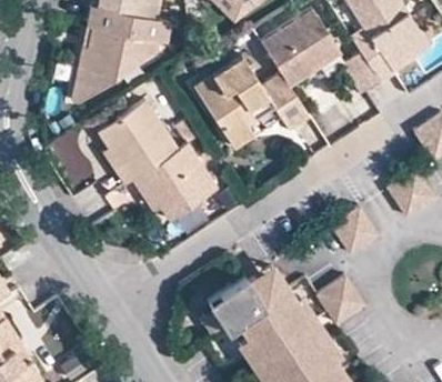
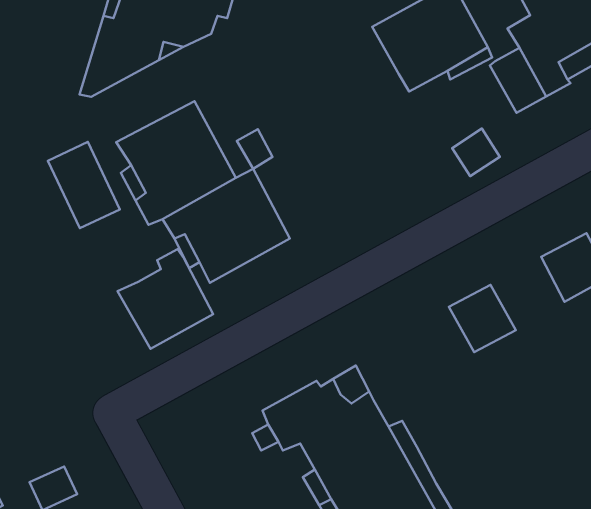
building: [195,58,311,149] -> none
building: none -> [118,249,213,349]
building: [315,280,361,326] -> none

